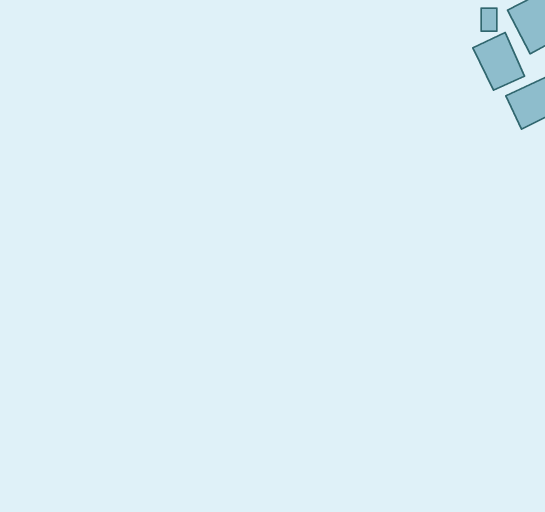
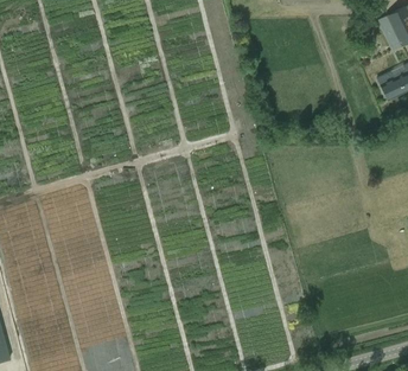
building: [473,32,525,90] -> none

